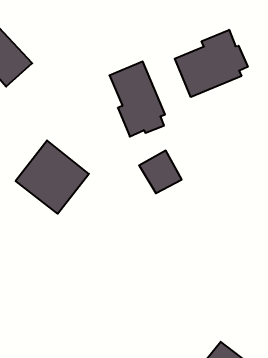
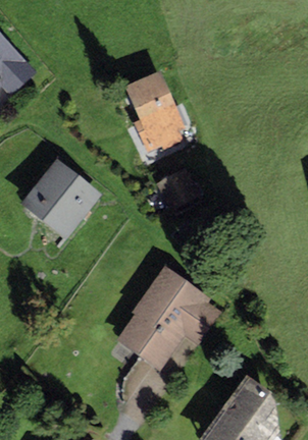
building: [175,30,248,97] -> none
building: none -> [116,267,220,370]

